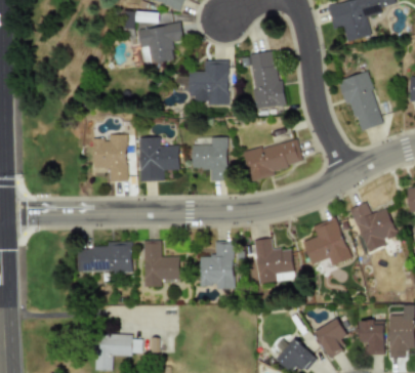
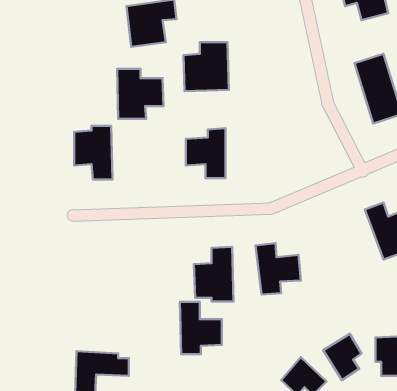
building: [248,50,283,109] -> none
building: [138,137,179,181] -> [117,69,164,119]
building: [243,138,302,181] -> none
building: [301,217,350,265] -> none
building: [77,241,132,273] -> none
building: [142,241,179,287] -> [180,302,222,354]

